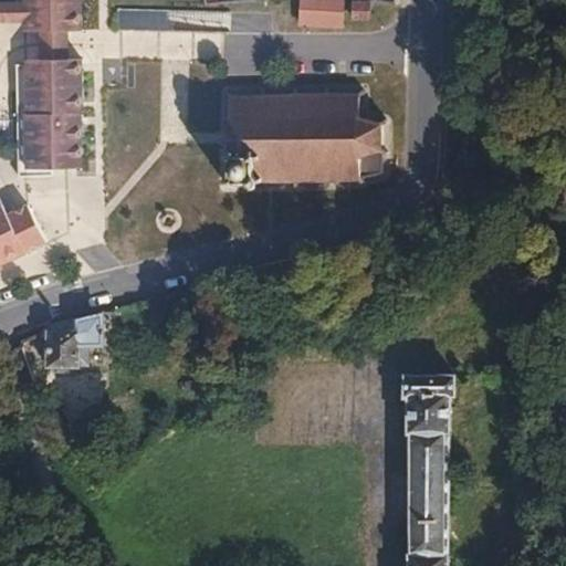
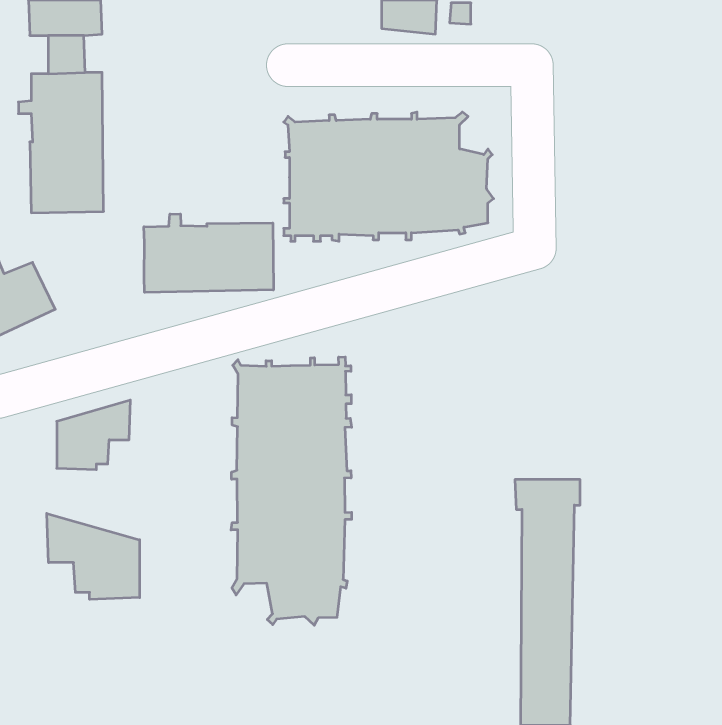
building: none -> [144,214,273,292]
building: none -> [231,357,352,625]
building: none -> [47,513,140,599]

